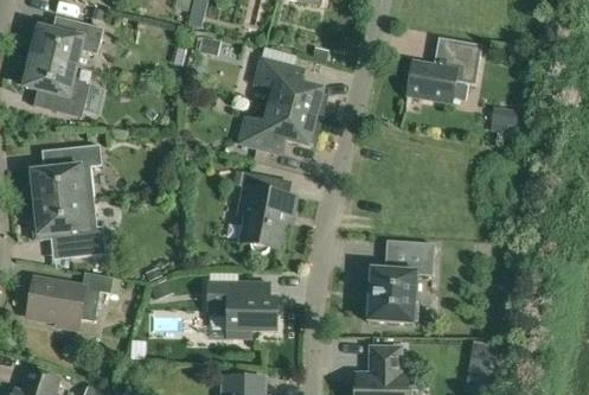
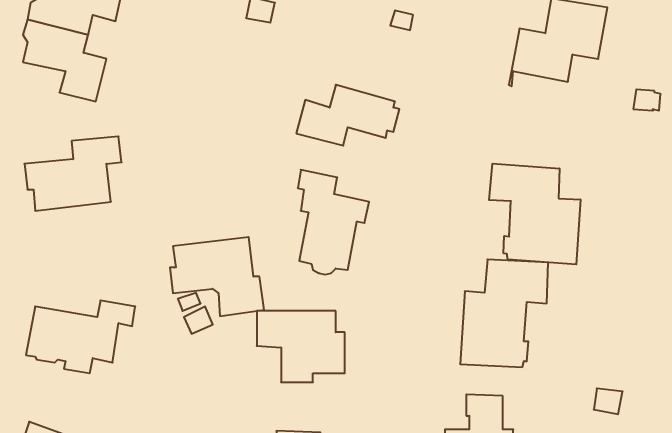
building: [254,57,326,117] -> none
building: none -> [489,164,580,264]
building: [32,196,105,257] -> [170,237,264,316]

